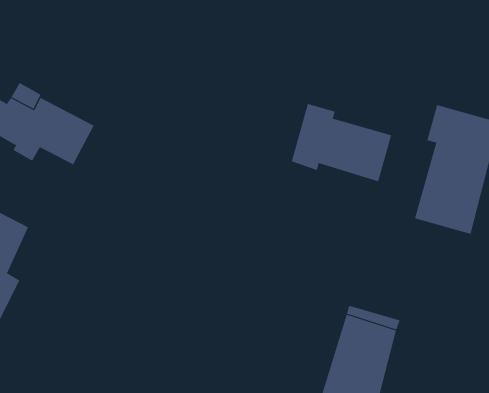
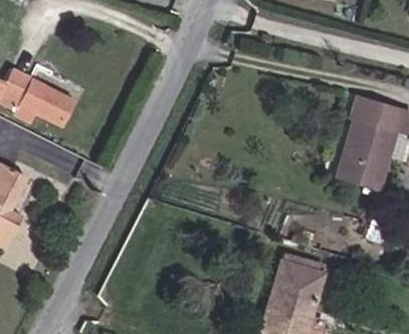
building: [291,103,392,182] -> none

